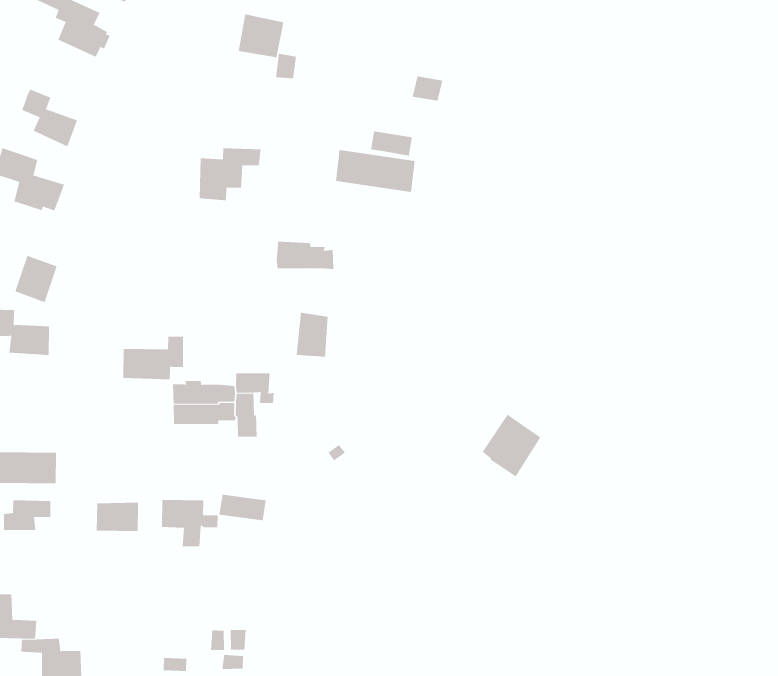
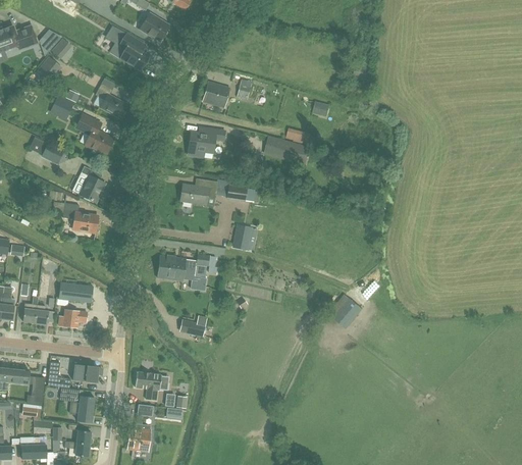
building: [238,14,284,58] -> [202,81,229,107]
building: [122,336,184,380] -> [179,179,216,204]
building: [161,499,219,547] -> [136,371,168,400]
building: [96,502,139,532] -> [72,364,98,382]

